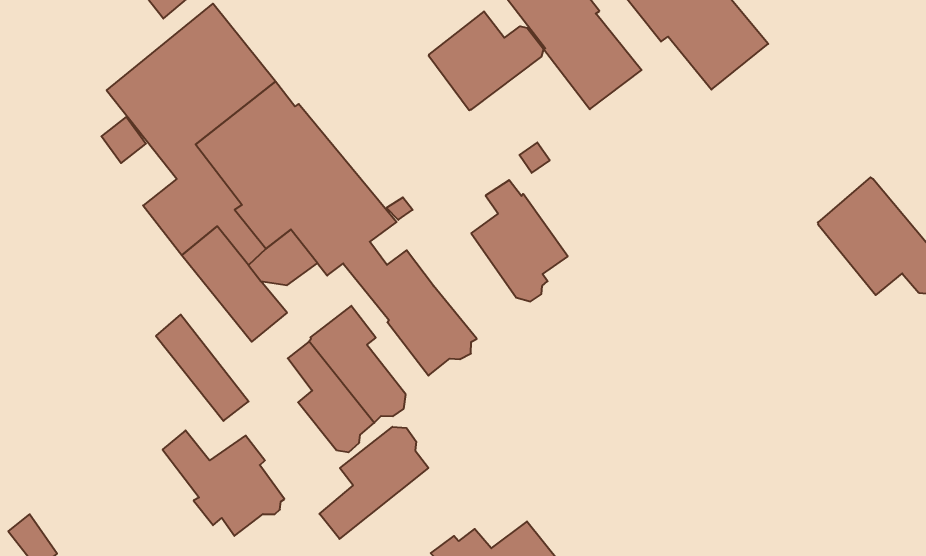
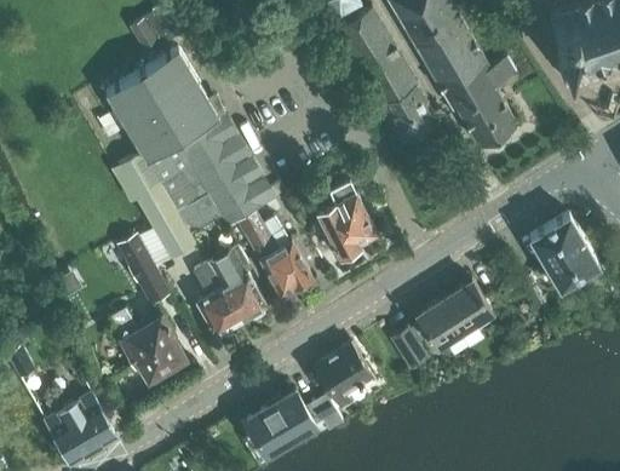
building: [429,11,544,110] -> none
building: none -> [392,280,493,368]
building: [319,427,428,539] -> none
building: none -> [315,344,373,410]

